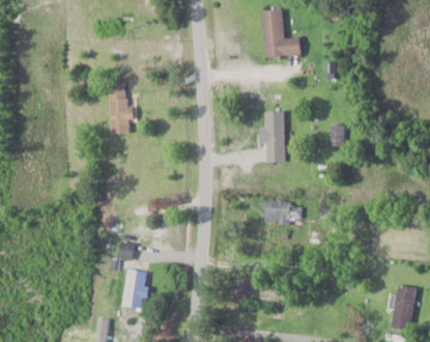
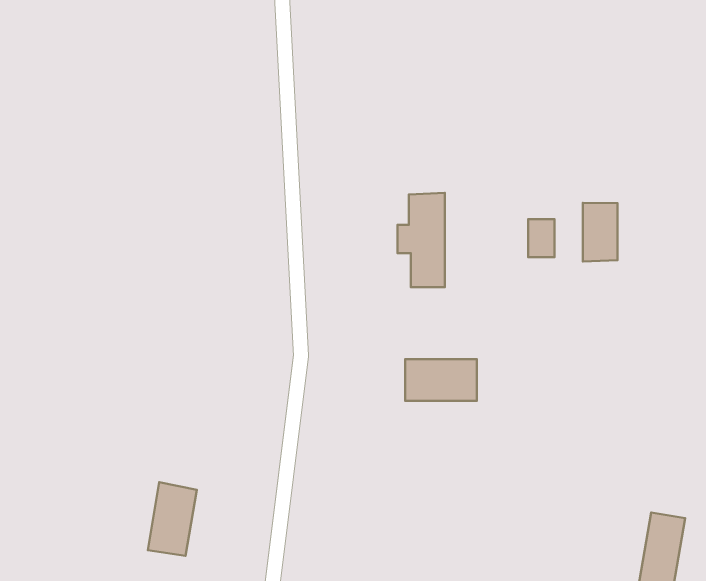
building: [262,9,300,57] -> none
building: [109,83,133,133] -> none
building: none -> [583,203,618,261]

